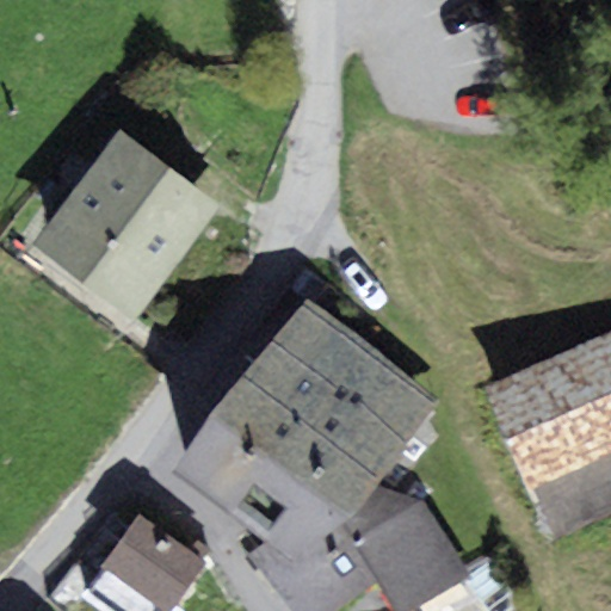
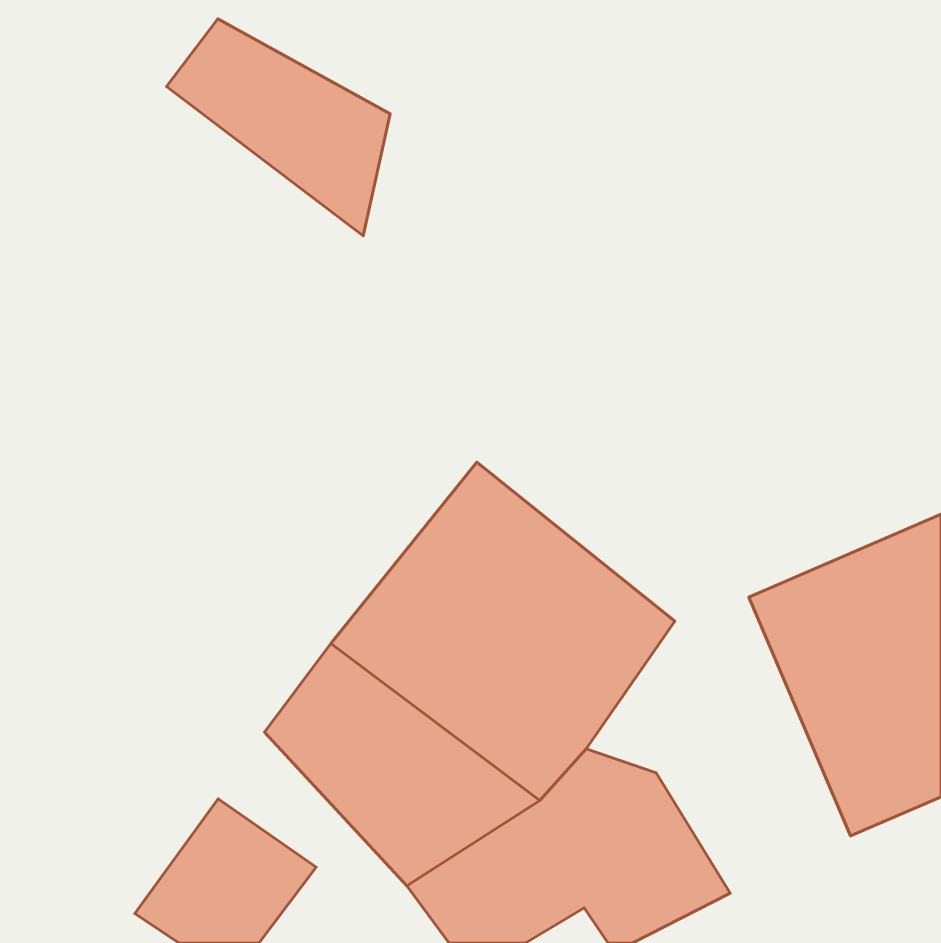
building: none -> [166,19,390,236]
building: [35,130,218,316] -> none

